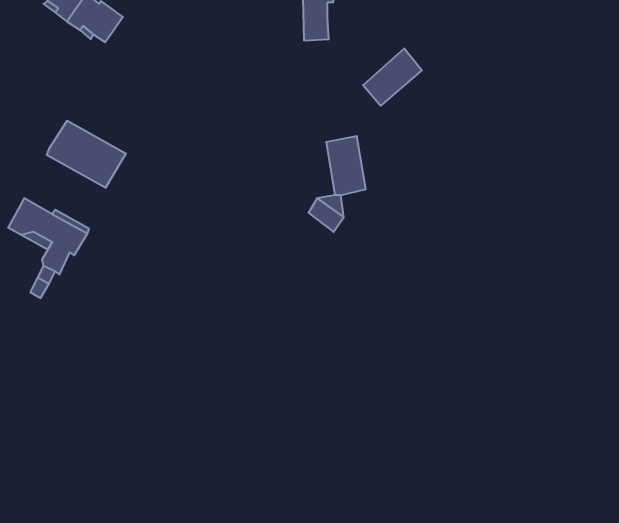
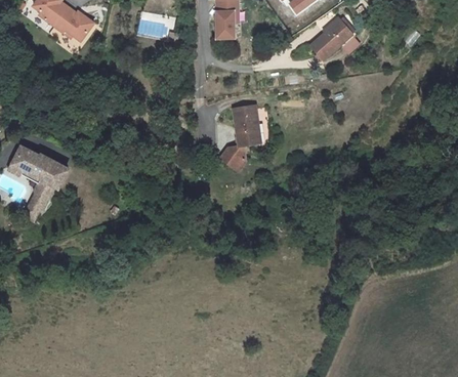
building: [363,48,422,106] -> [310,19,351,59]
building: [47,121,126,188] -> none

